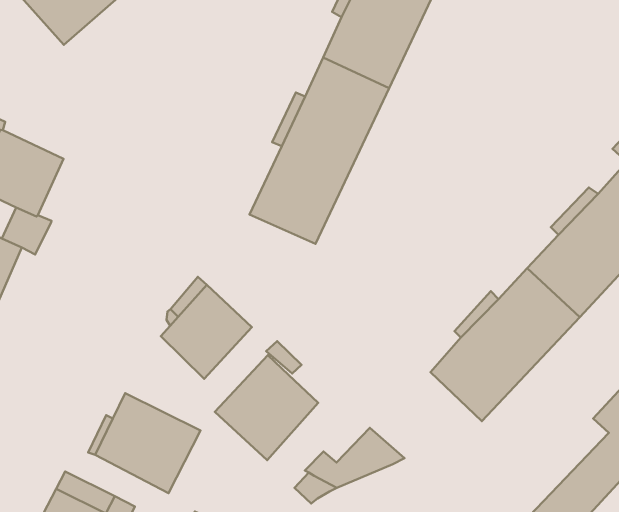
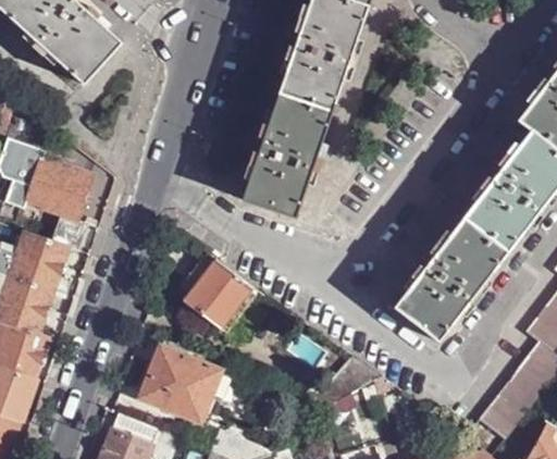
building: [215,355,318,460] -> none

